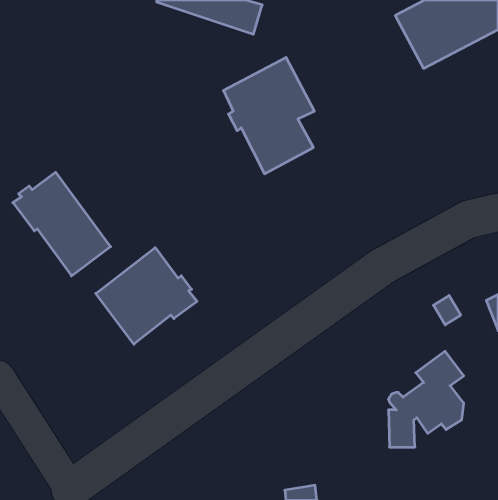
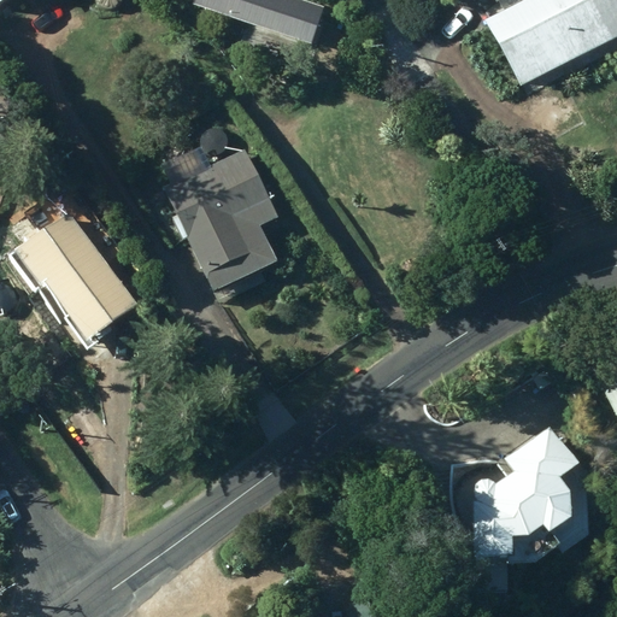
building: [223,57,314,174] -> [166,148,278,292]
building: [96,248,197,344] -> none

